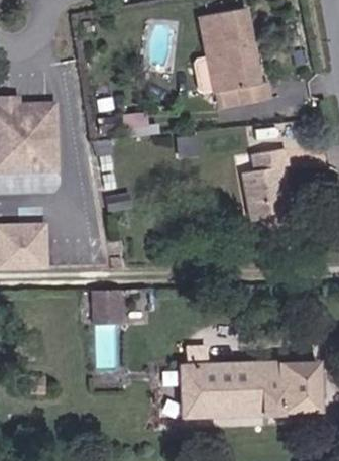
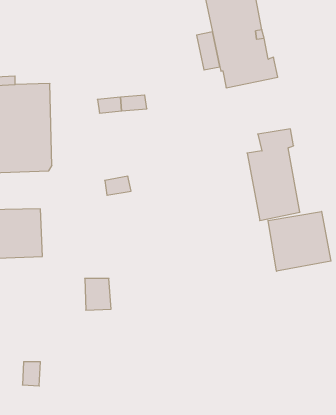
building: none -> [268,211,331,271]
building: [177,359,313,412] -> none

